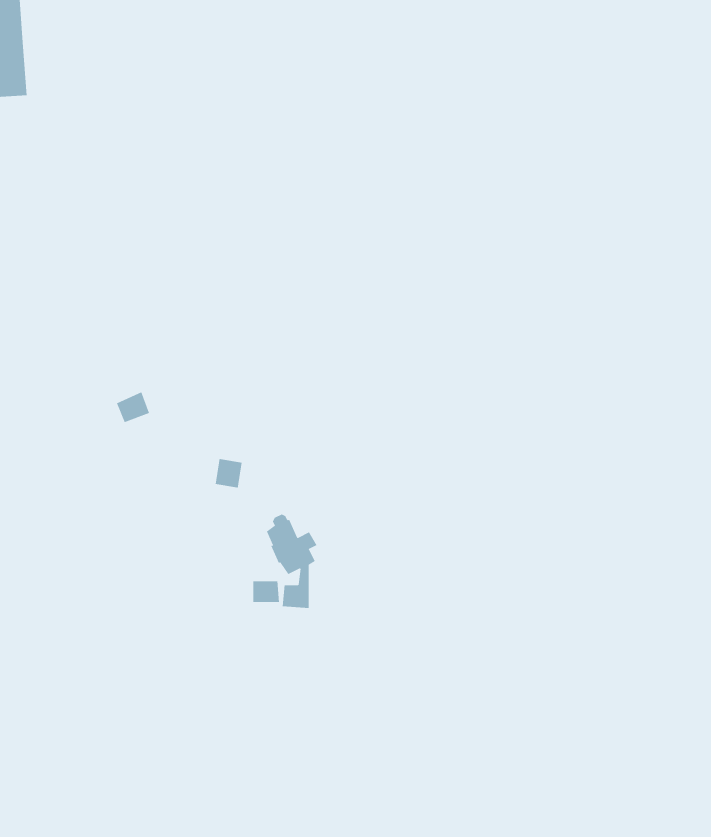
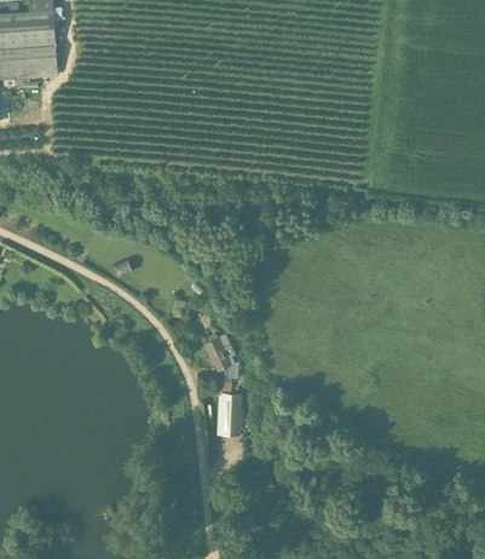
building: none -> [219,393,244,436]

